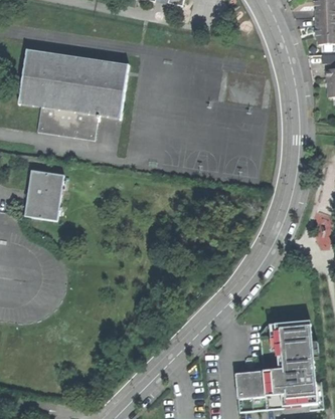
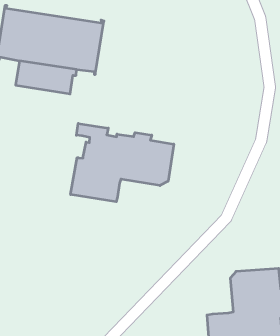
building: [25,169,63,218] -> none
building: none -> [71,123,174,202]

